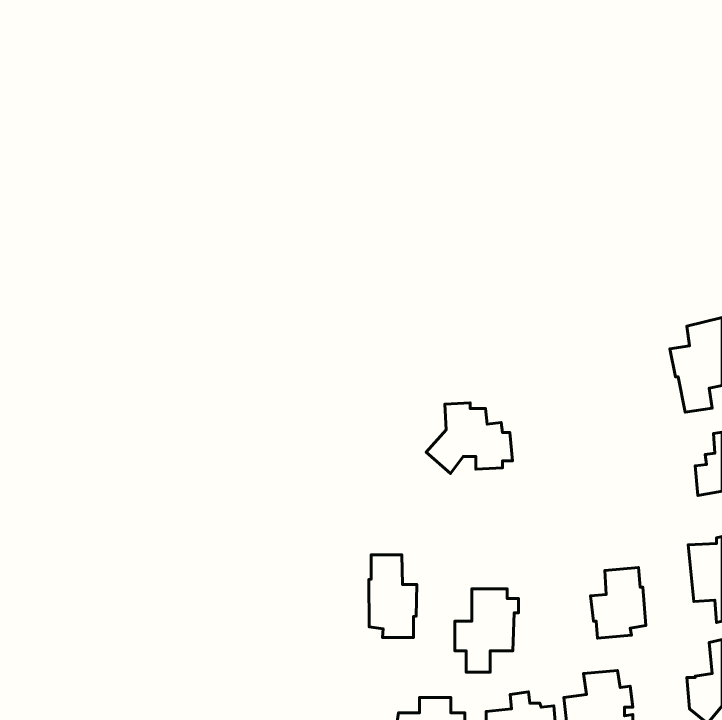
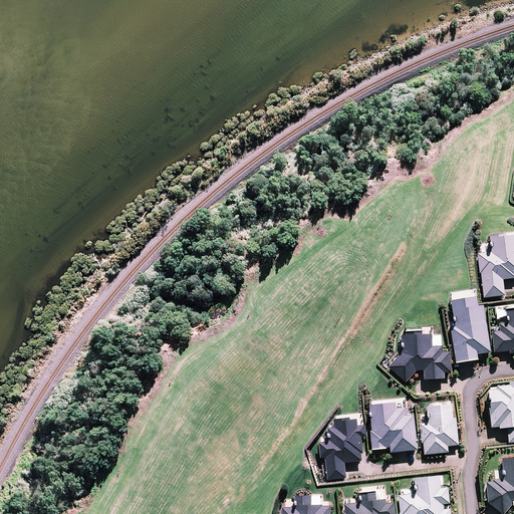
building: [426,403,513,473] -> [390,332,451,382]
building: none -> [450,292,487,359]
building: [369,555,417,638] -> none
building: none -> [370,405,417,452]

